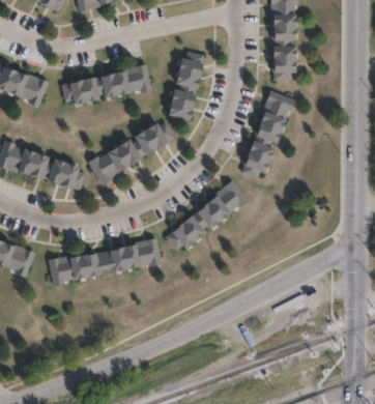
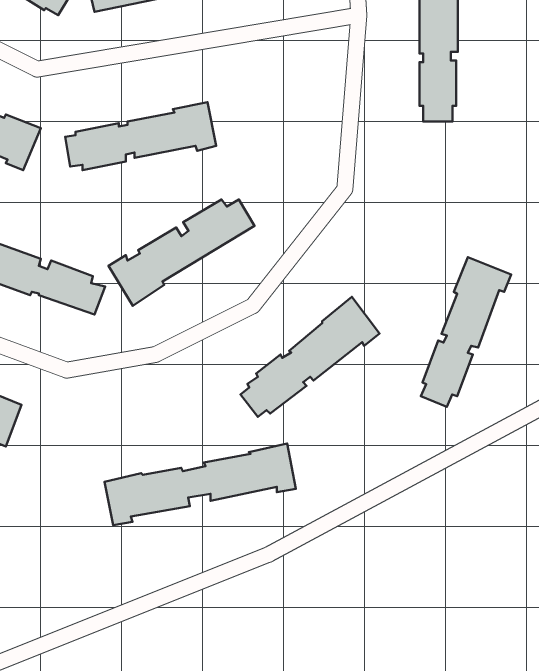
building: [166,51,204,119] -> none
building: [241,92,295,181] -> [421,257,511,407]
building: [49,238,163,287] -> [105,443,296,525]

